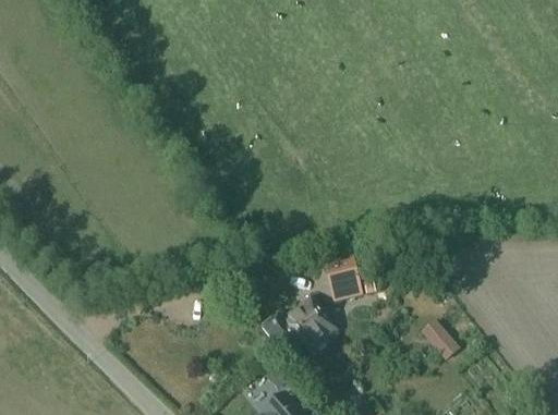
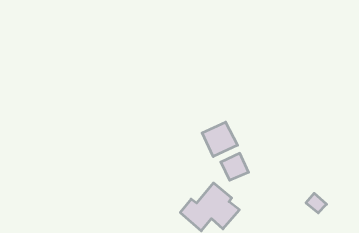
building: none -> [202,122,238,157]

